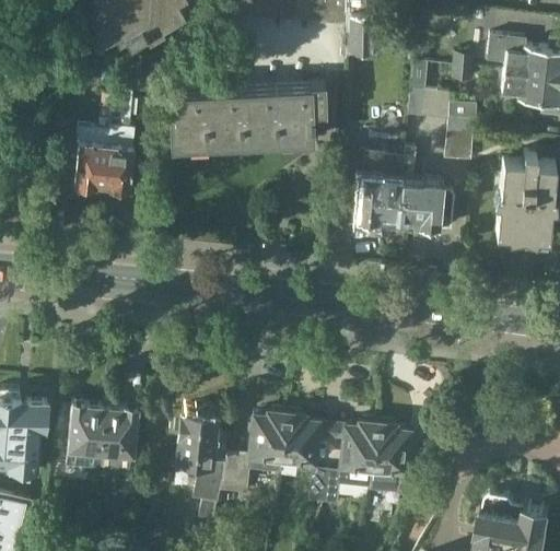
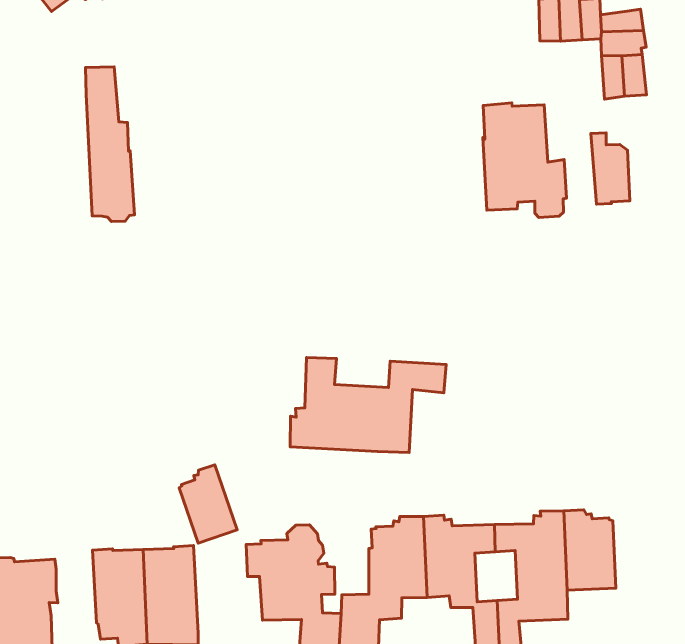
building: [170,94,328,157] -> none
building: [75,107,110,190] -> none
building: [401,149,432,230] -> none
building: none -> [290,358,446,453]
building: none -> [179,465,237,543]

